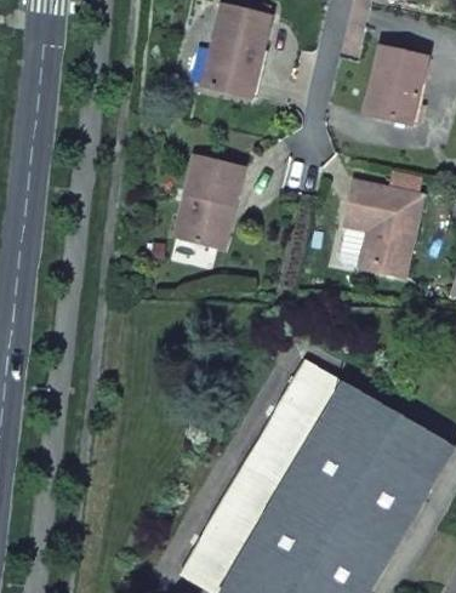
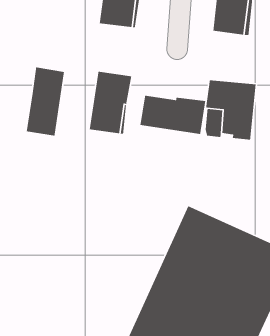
building: none -> [26,67,65,137]
building: none -> [139,95,206,135]

